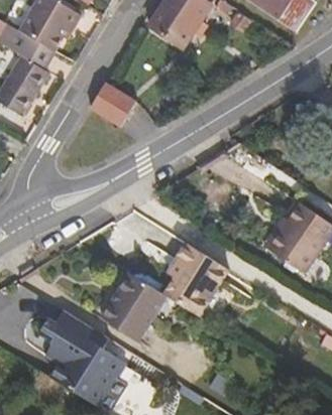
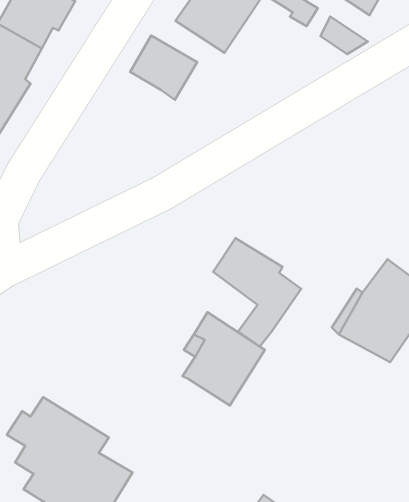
building: [93,80,141,126] -> [130,36,197,100]
building: none -> [213,238,301,346]
building: [100,264,159,330] -> none

